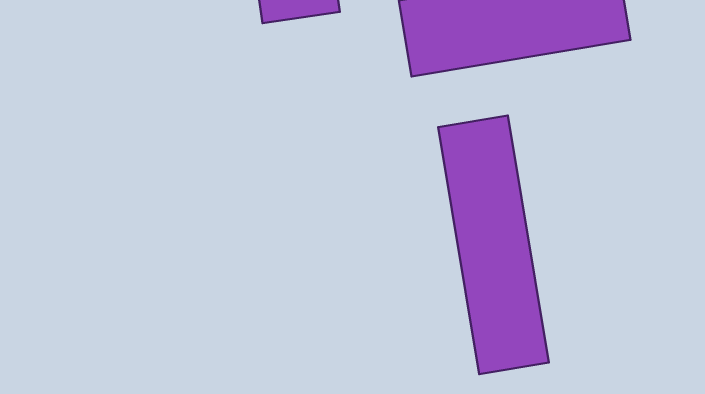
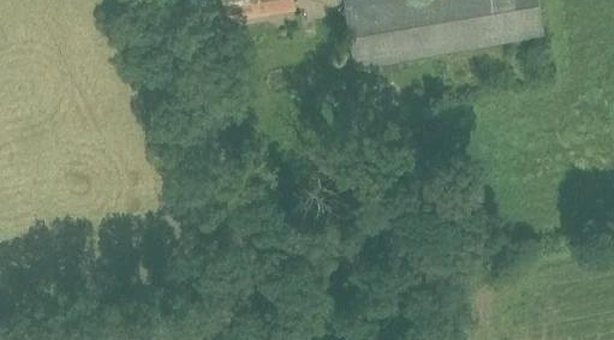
building: [438,116,549,374] -> none

